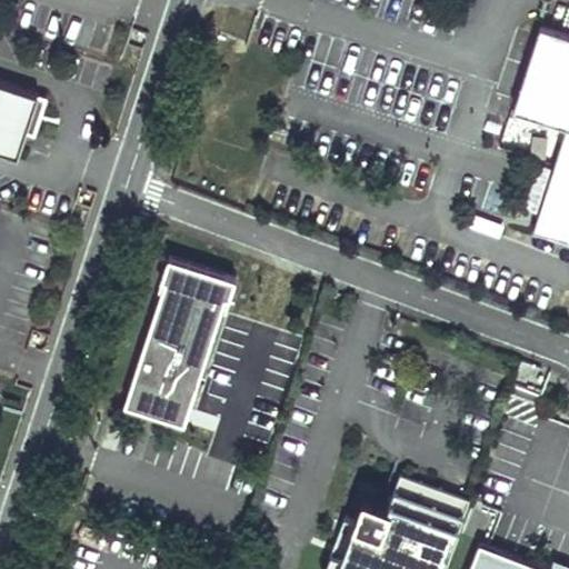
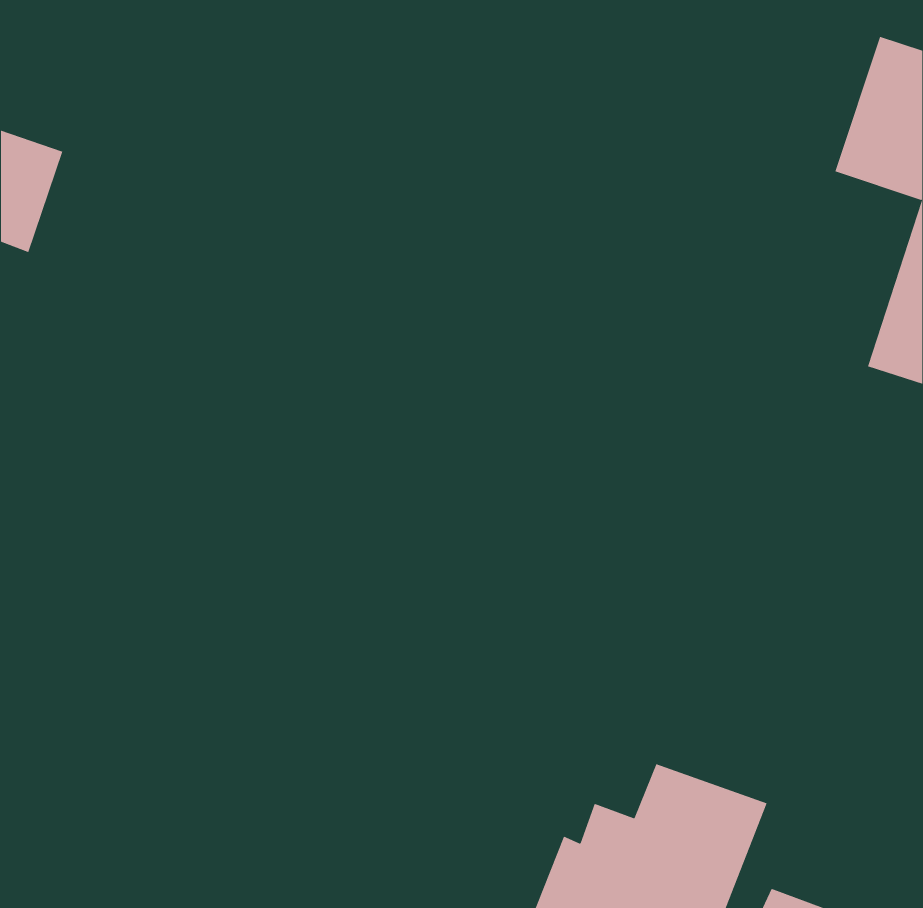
building: [130,261,237,416] -> none

